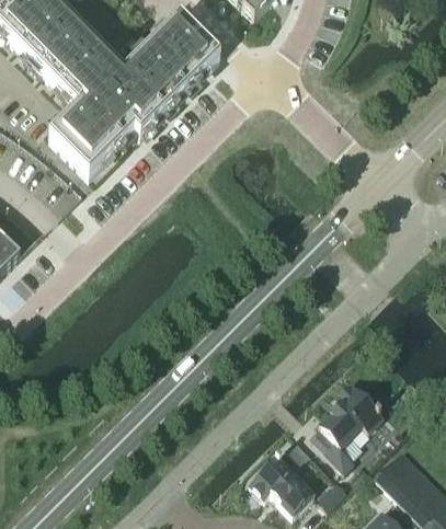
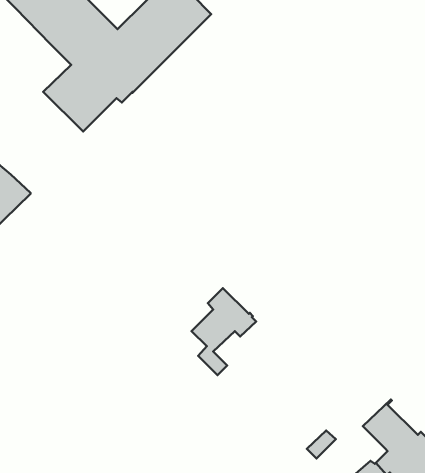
building: [318,382,384,471] -> [192,288,256,375]
building: [249,455,313,516] -> none

